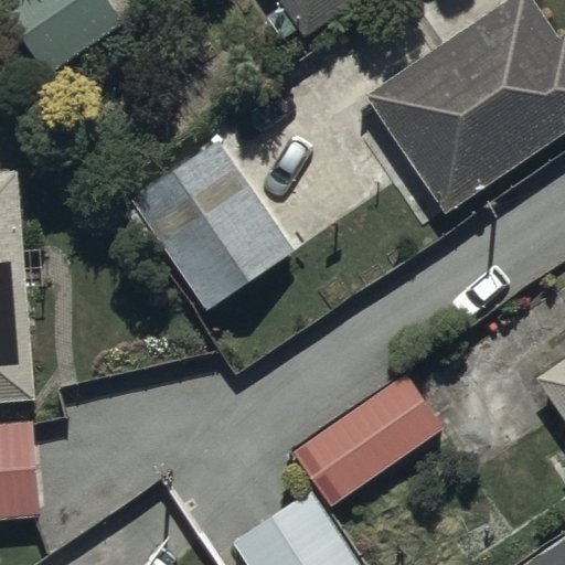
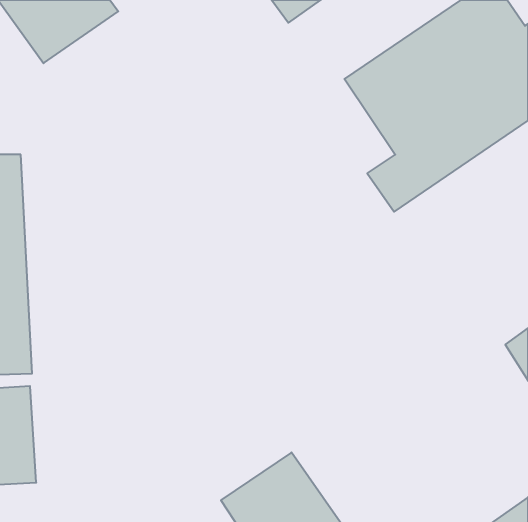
building: [114,137,297,322] -> none
building: [292,371,444,503] -> none

